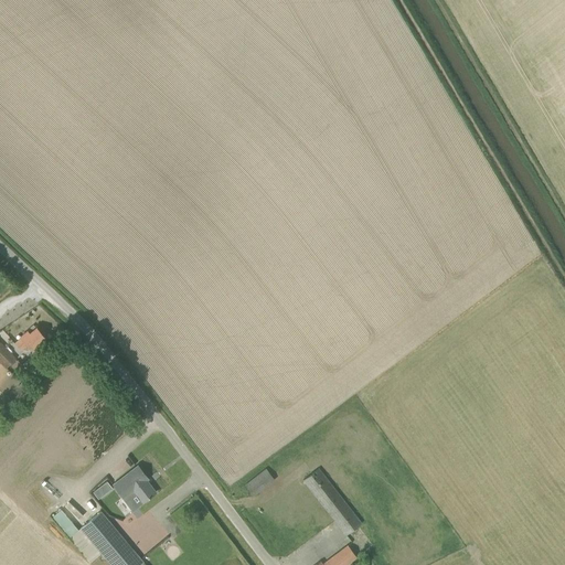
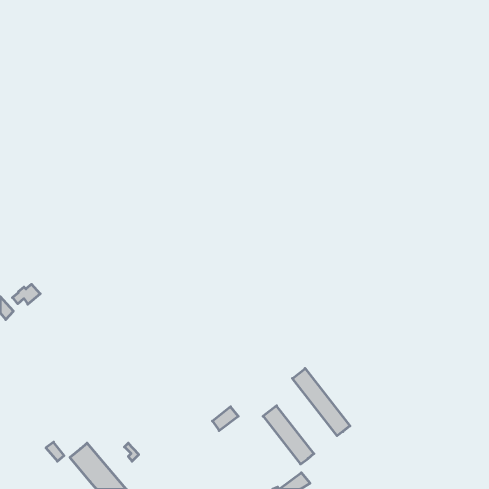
building: none -> [292,368,350,436]
building: [114,466,156,510] -> none

